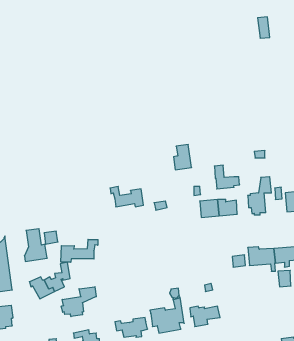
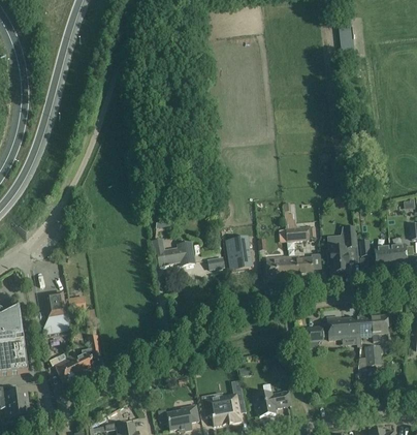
building: [174,145,192,170] -> [229,238,252,270]
building: [61,239,98,262] -> none
building: [61,287,96,317] -> none

